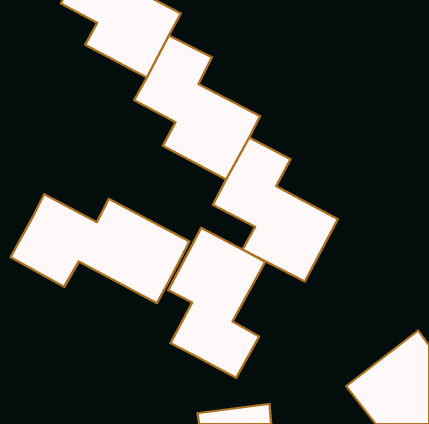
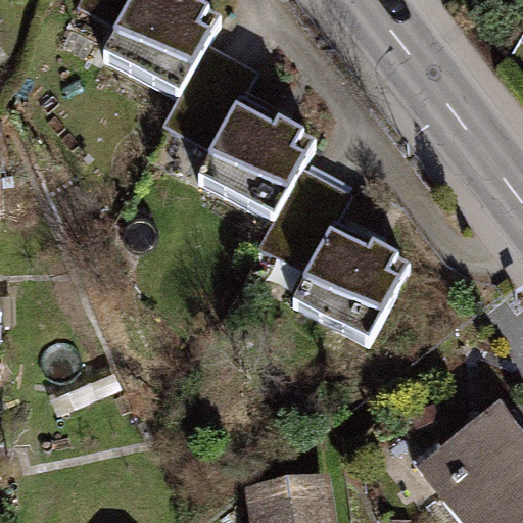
building: [10,194,189,303] -> none
building: [168,228,265,378] -> none

